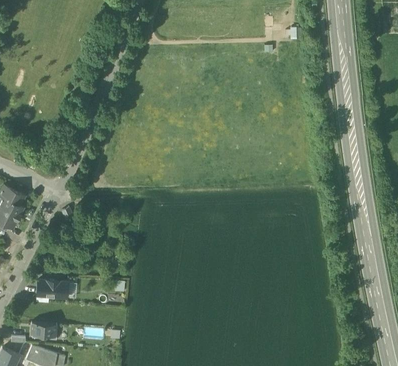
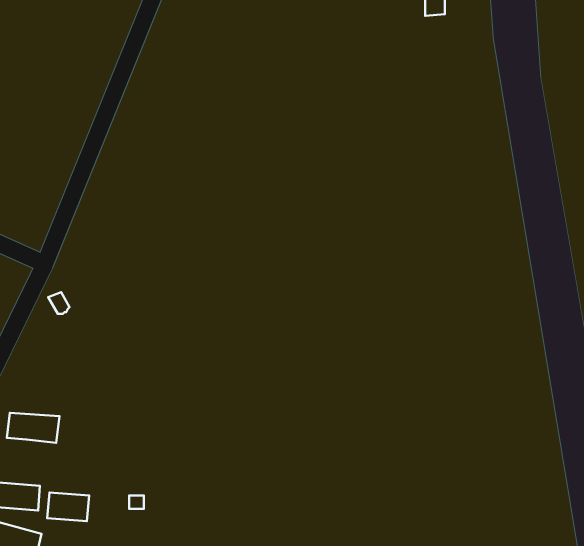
building: none -> [47,492,89,521]

